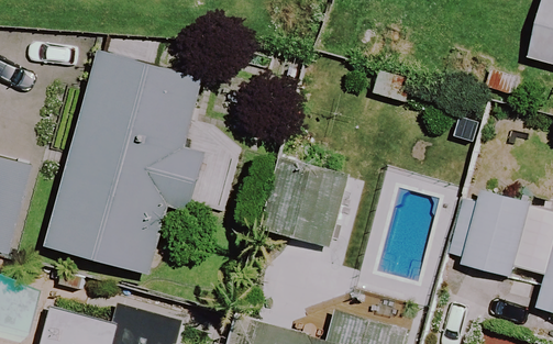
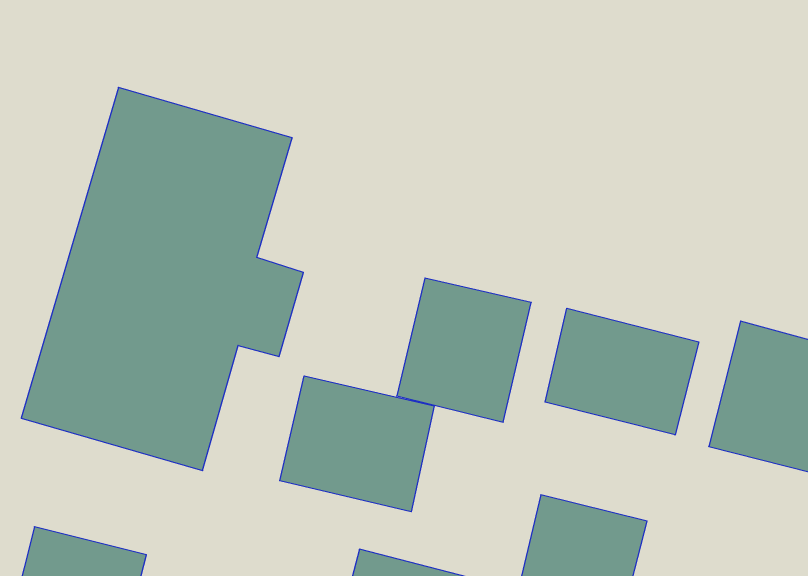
building: none -> [545,308,699,435]
building: none -> [280,376,434,512]

